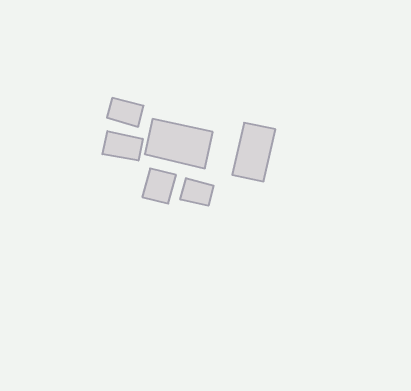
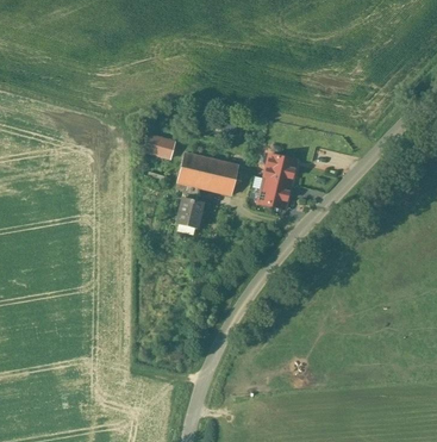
building: [102,131,143,161] -> none
building: [180,178,214,206] -> none

